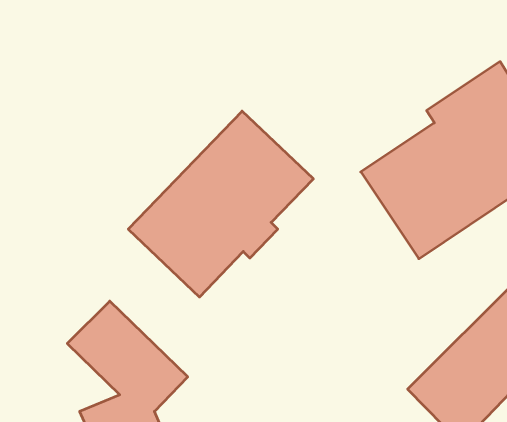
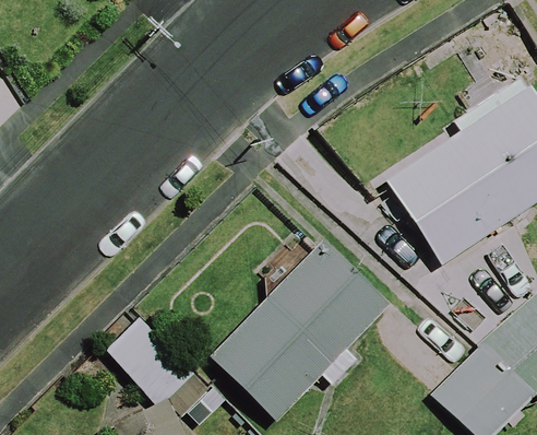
building: [128,111,313,297] -> [211,239,392,422]

